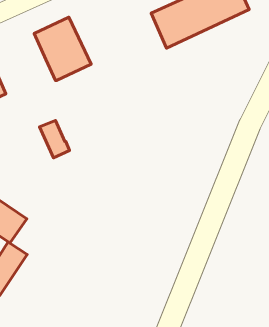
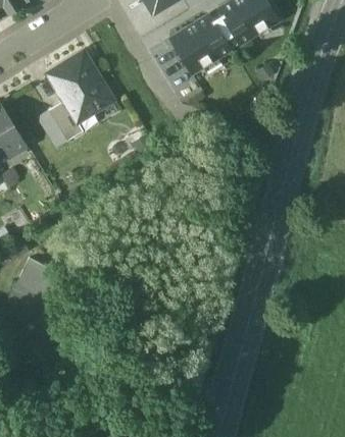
building: [40,120,69,158] -> [46,100,82,141]

